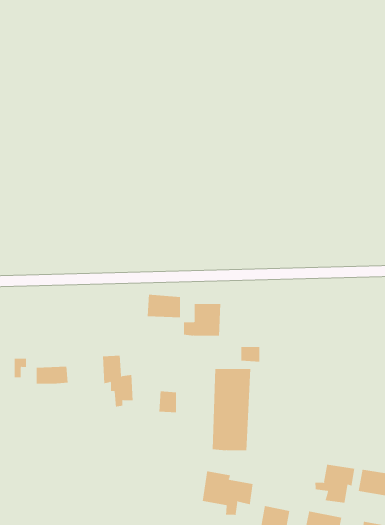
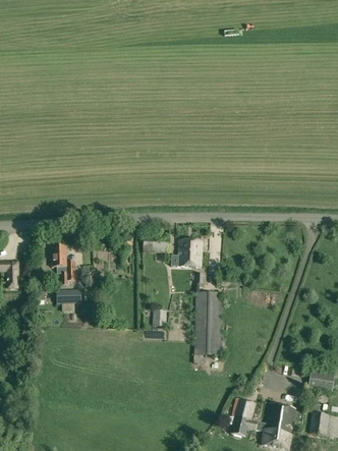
building: [102,355,134,407] -> [51,244,75,285]
building: [315,464,355,504] -> none
building: [202,471,253,516] -> none

